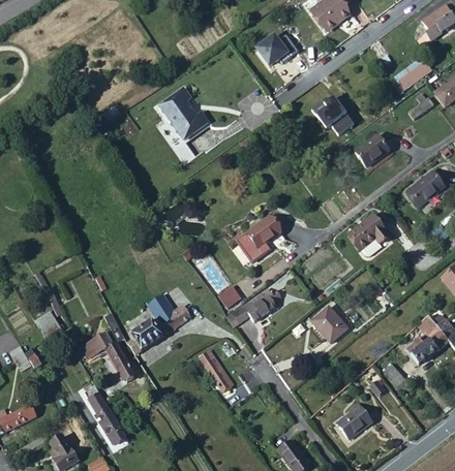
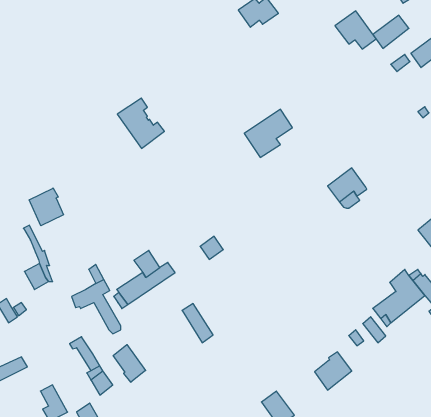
building: [158,89,207,140] -> [117,98,164,148]
building: [309,90,352,129] -> [335,11,376,49]
building: [362,129,396,161] -> none
building: [407,168,444,202] -> none
building: [233,209,282,258] -> [244,109,292,157]
building: none -> [29,188,63,226]
building: [232,288,282,322] -> none
building: [311,308,347,346] -> none
building: none -> [113,345,146,382]

